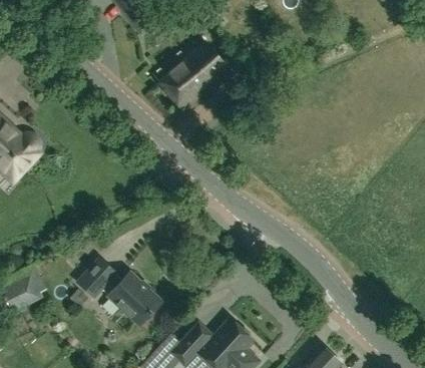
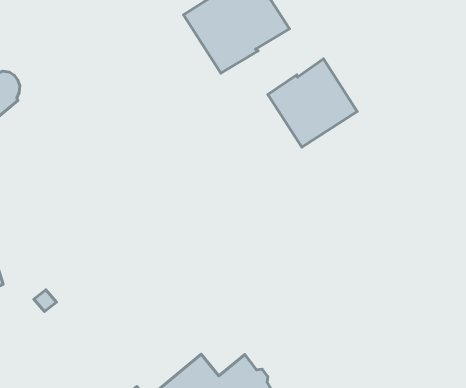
building: none -> [268,59,357,147]
building: [78,259,160,324] -> none

